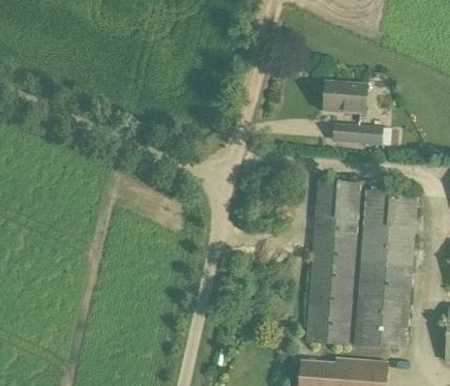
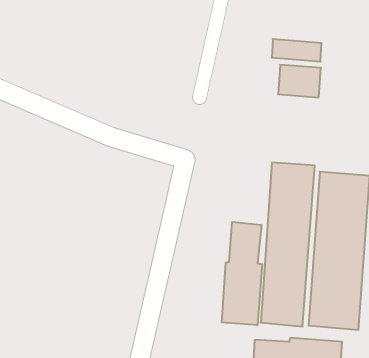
building: [333,122,384,145] -> [272,39,322,62]
building: none -> [222,222,262,325]

